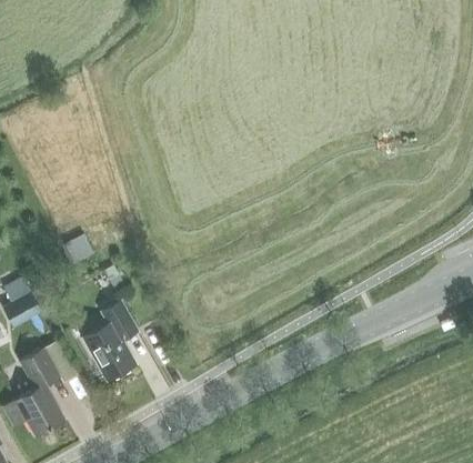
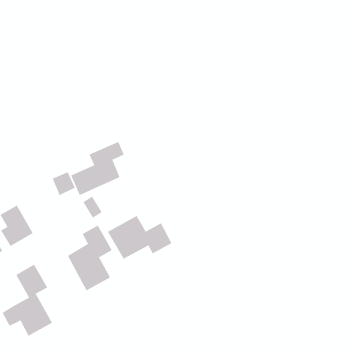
building: none -> [71,141,125,196]
building: none -> [107,215,172,259]

